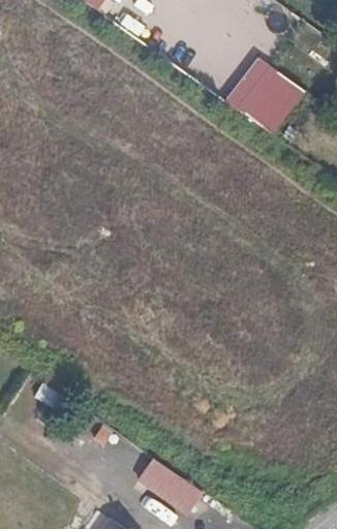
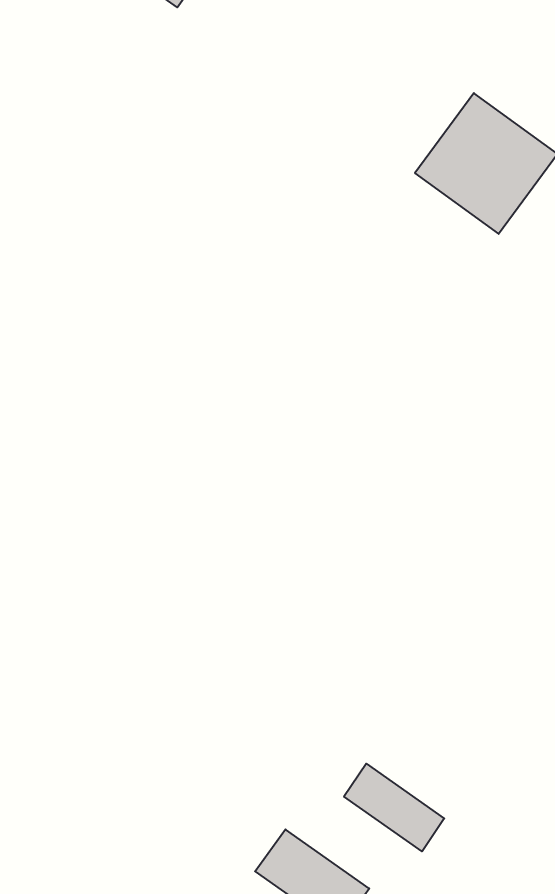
building: none -> [344,764,444,851]

